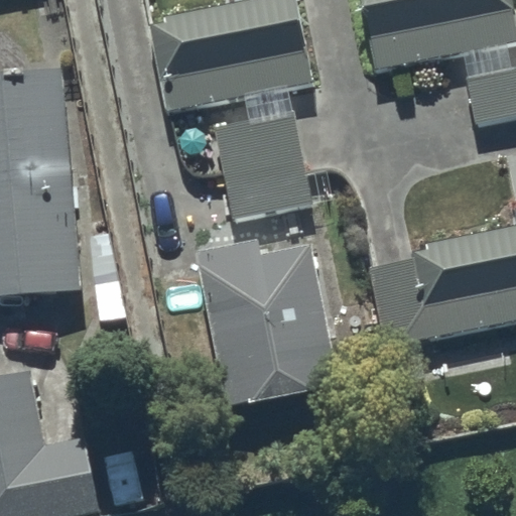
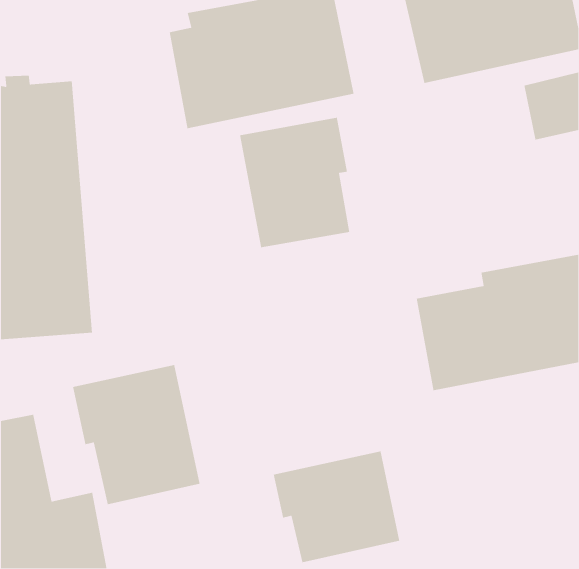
building: [194,241,341,415] -> none
building: none -> [72,364,200,505]
building: none -> [273,451,400,563]

